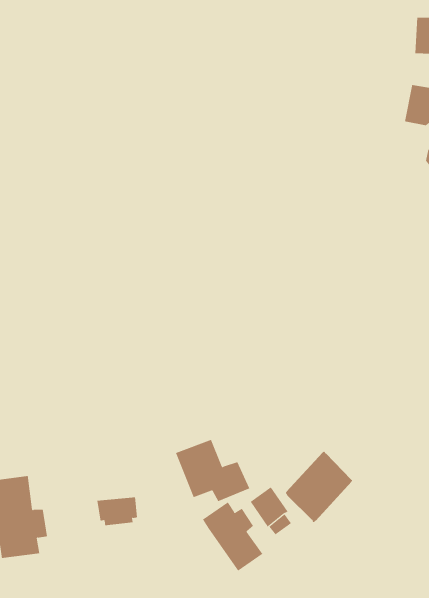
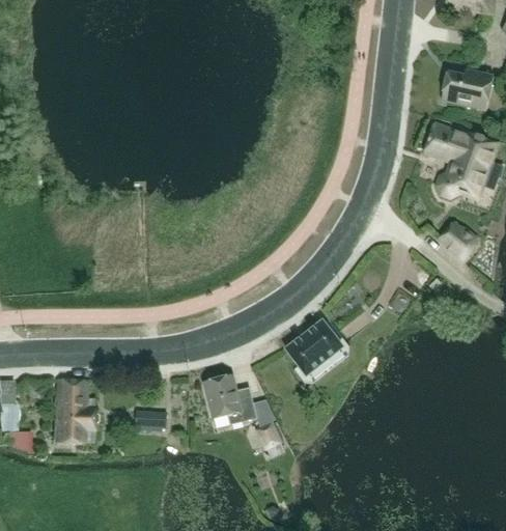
building: [285,451,353,523] -> [287,318,342,373]
building: [202,502,263,571] -> none

